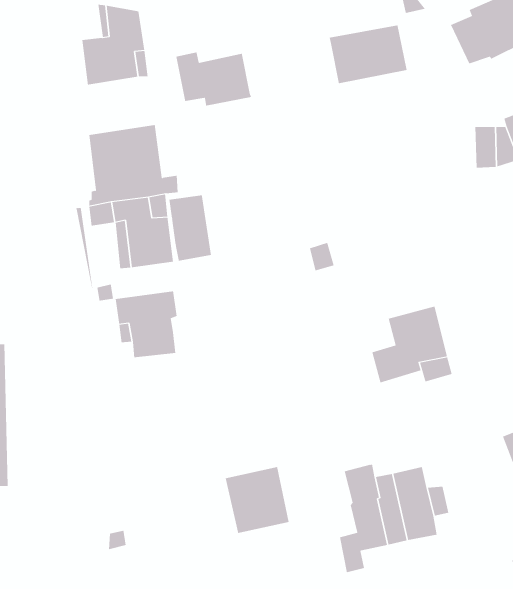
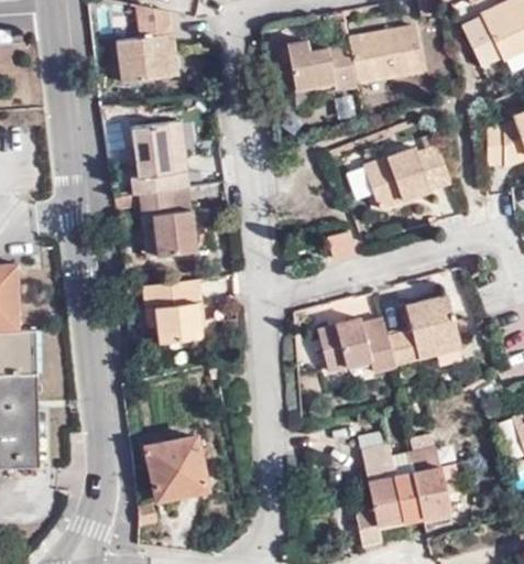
building: [175,52,252,106] -> [284,42,357,94]
building: none -> [362,145,449,207]
building: [169,194,212,262] -> none
building: none -> [316,318,395,375]
building: [225,467,289,534] -> [145,436,207,500]

